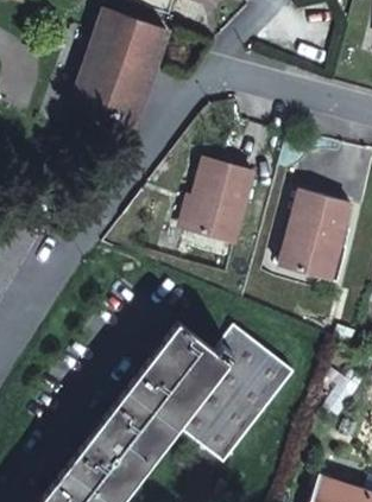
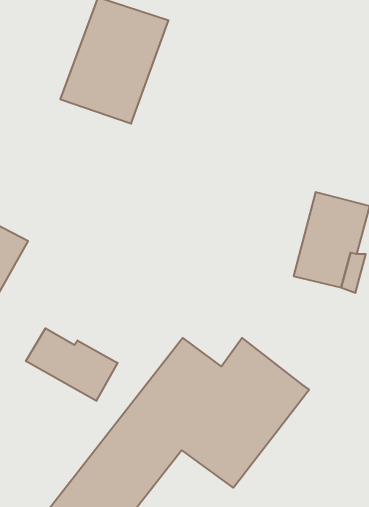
building: [187,157,254,240] -> none
building: none -> [26,328,118,401]

